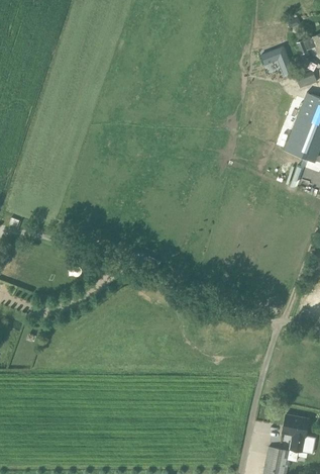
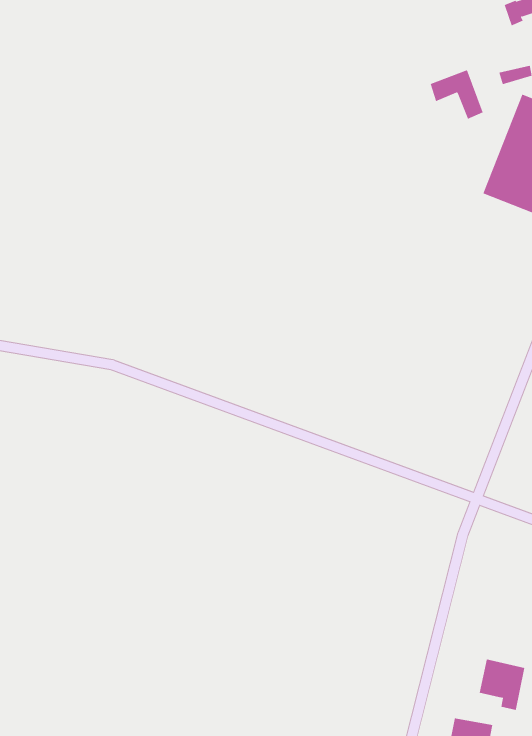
building: [260,46,291,75] -> [430,70,483,120]

